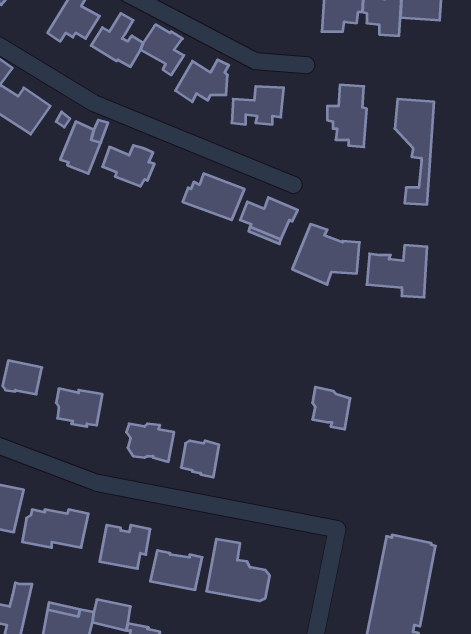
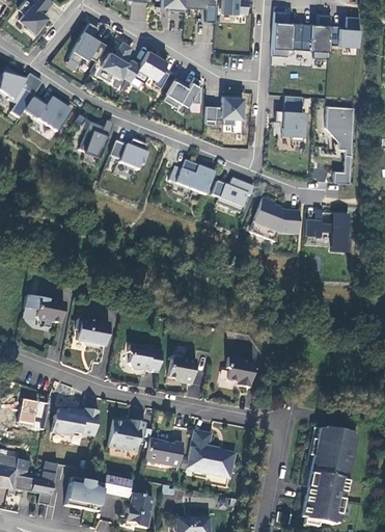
building: [312,387,350,429] -> [226,356,254,388]

